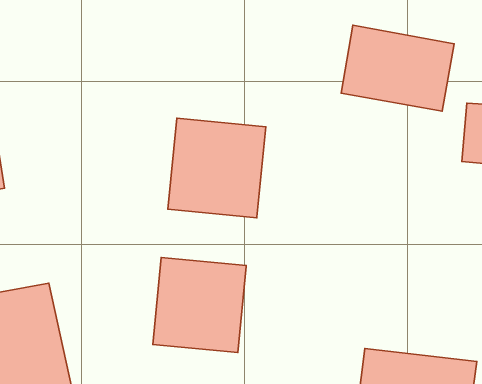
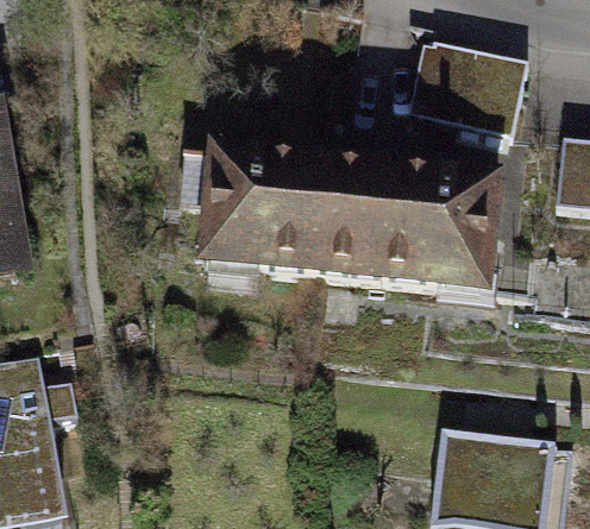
building: none -> [310,165,489,290]
building: [153,257,246,353] -> none

